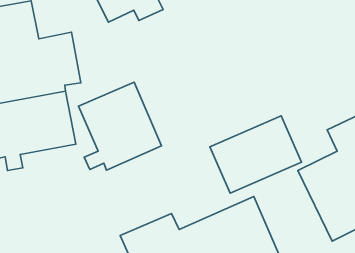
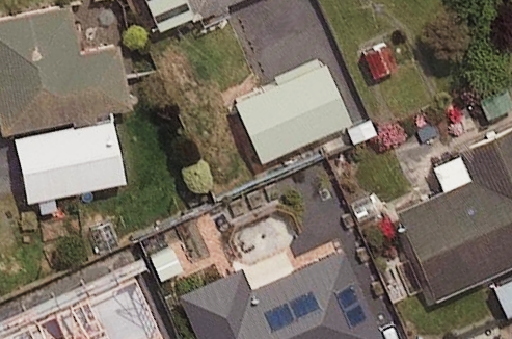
building: [79,82,162,170] -> none
building: [210,116,302,193] -> [236,67,349,162]

